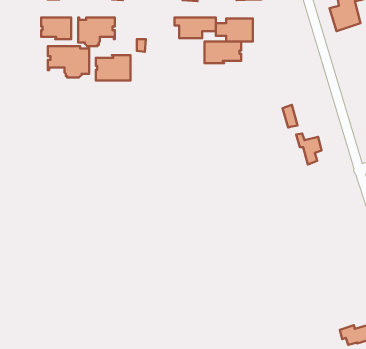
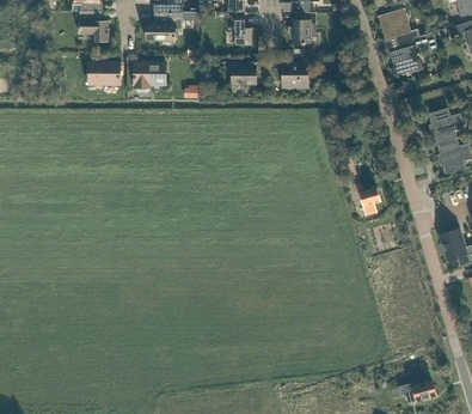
building: [204,42,241,63] -> none
building: [48,46,89,78] -> none
building: [96,55,130,80] -> none

